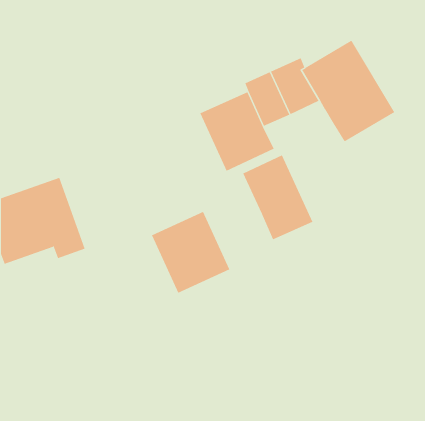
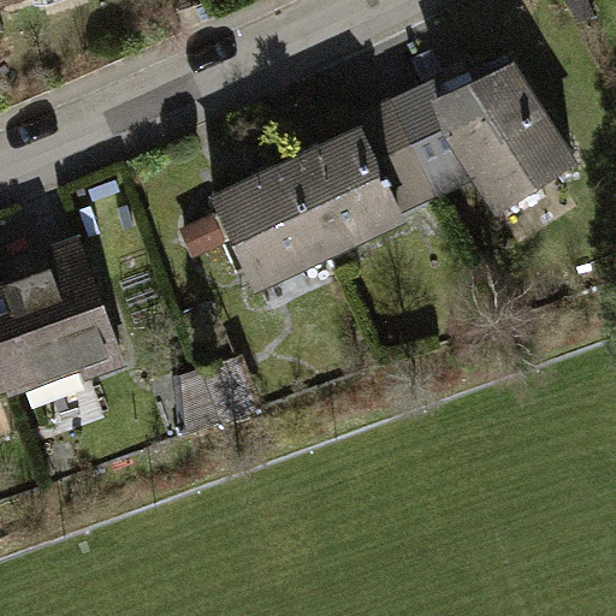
building: [243,154,313,240] -> none
building: [151,211,230,294] -> [213,170,327,289]

